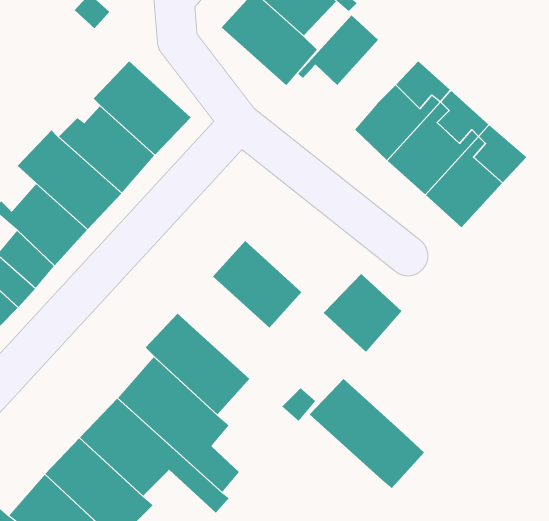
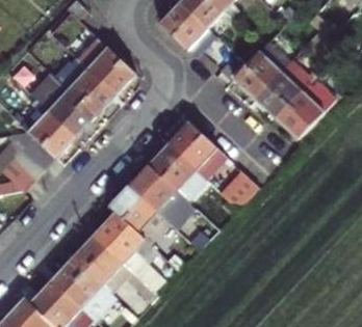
building: [297,14,379,86] -> none
building: none -> [167,128,224,183]
building: [309,378,425,489] -> [127,173,197,240]

